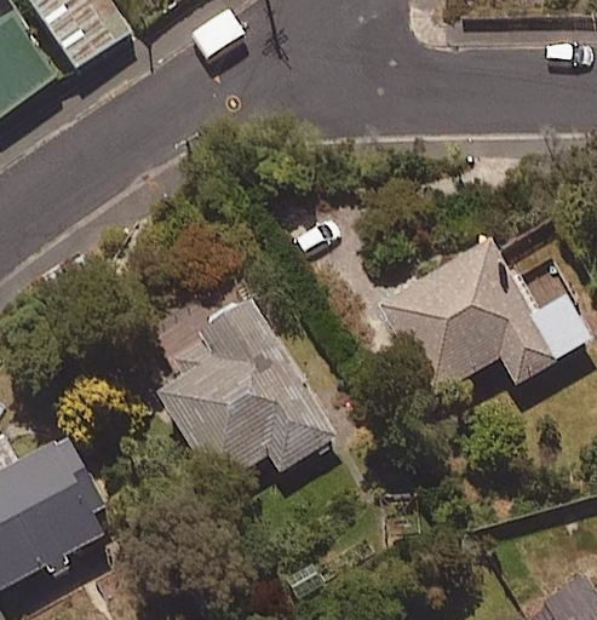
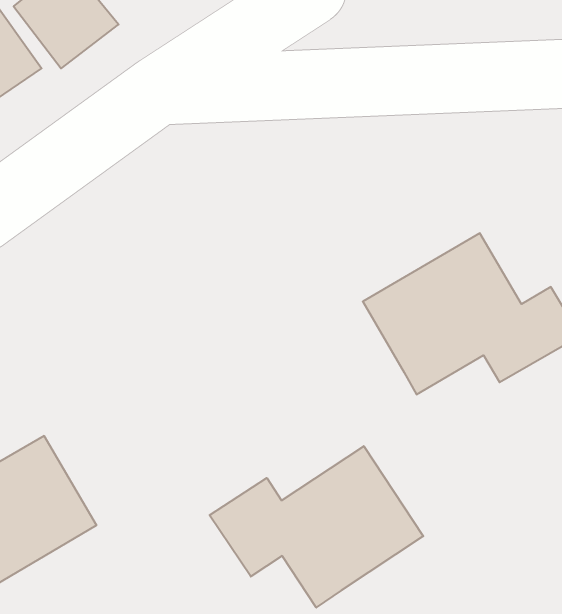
building: [154,299,335,486] -> none
building: none -> [210,446,423,608]

